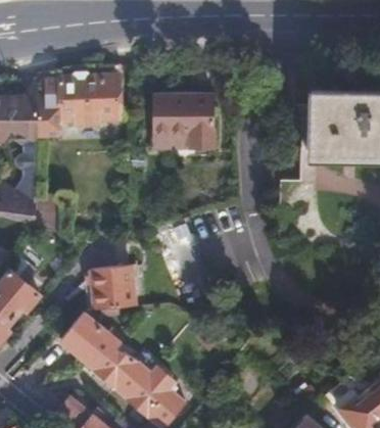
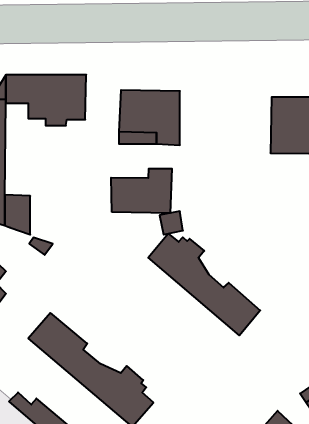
building: none -> [111,169,172,213]
building: none -> [148,234,260,335]
building: [83,265,125,305] -> none

